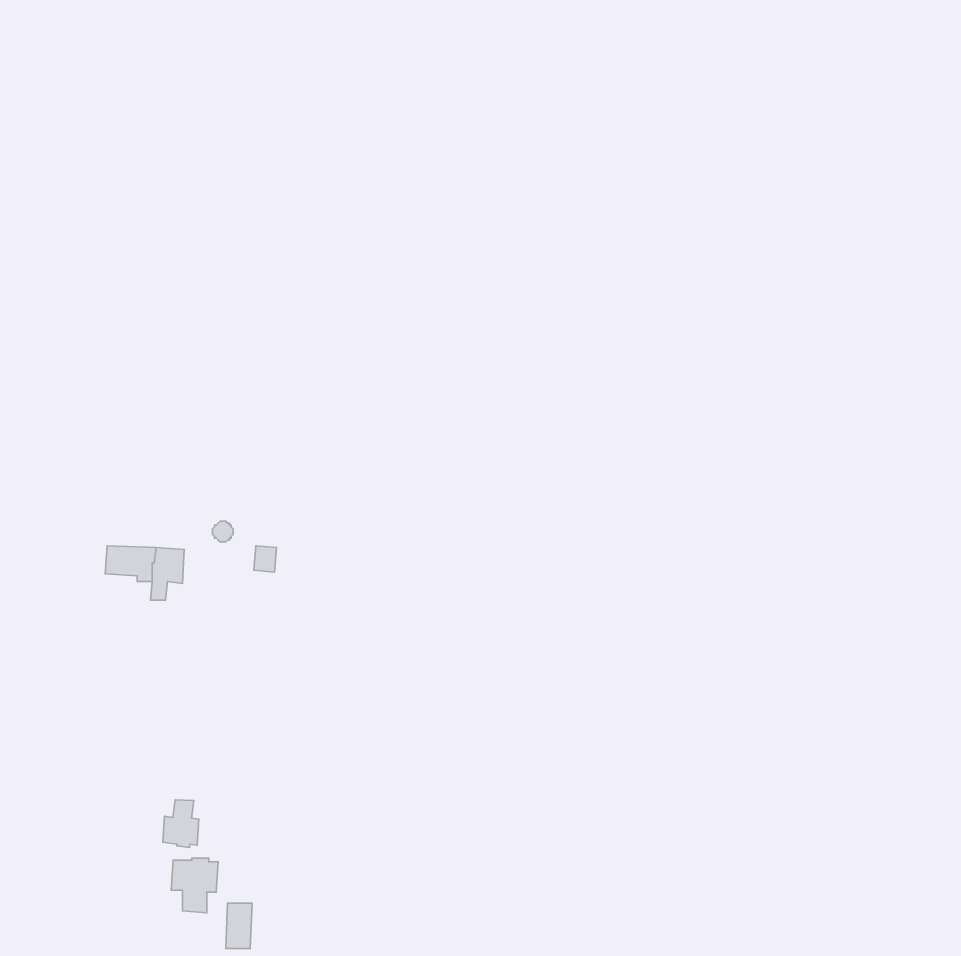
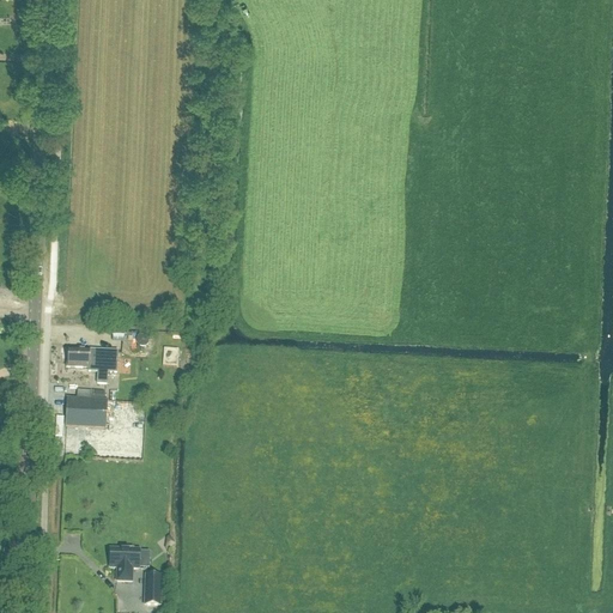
building: none -> [65,396,116,427]
building: [163,800,199,847] -> none

